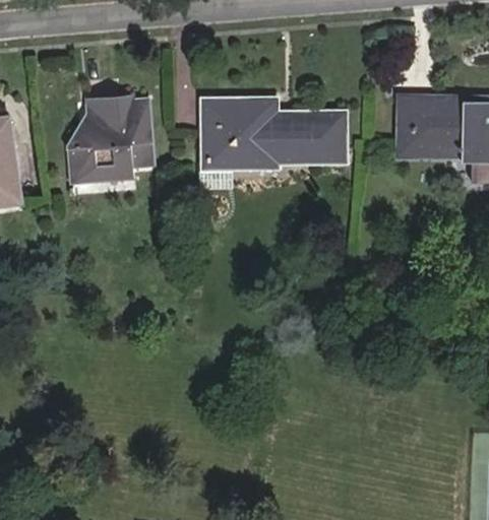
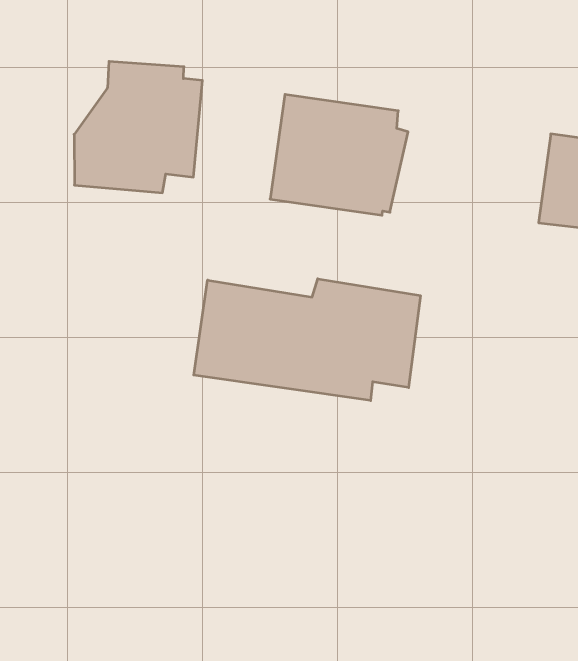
building: [292,108,352,167] -> none
building: none -> [194,279,420,401]

